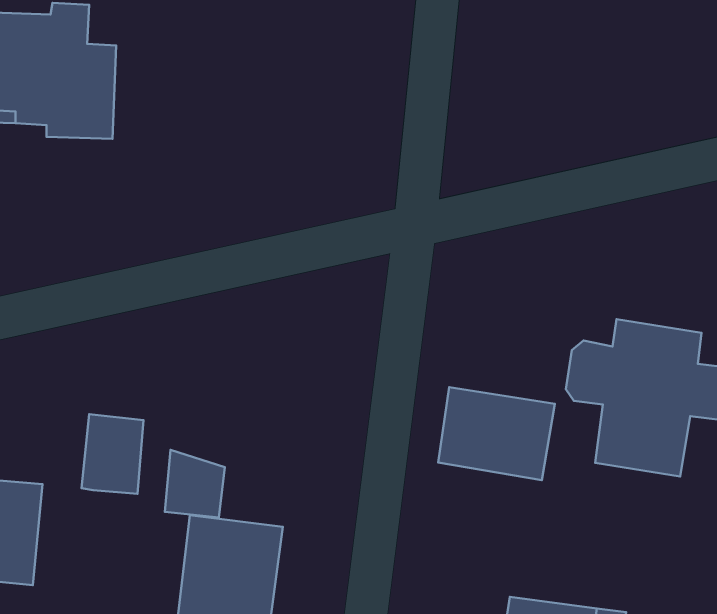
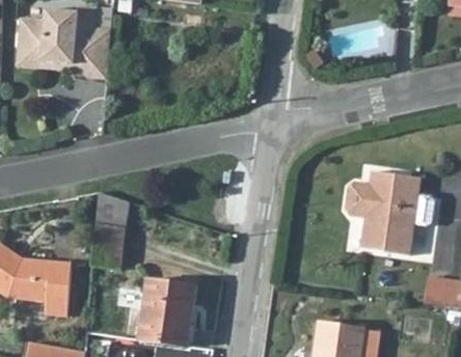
building: [438,387,555,480] -> none
building: [165,450,225,518] -> [93,190,126,226]

